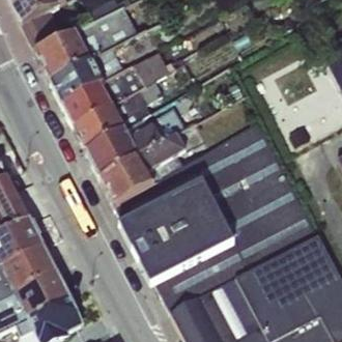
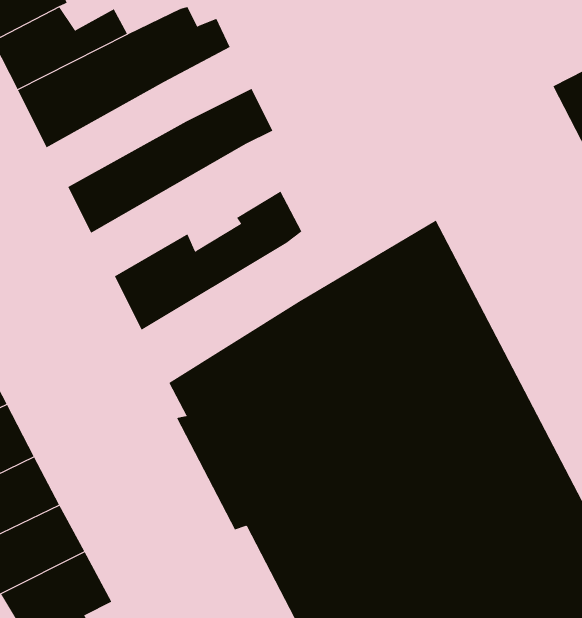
building: [50,47,124,103] -> none
building: [74,80,165,150] -> none
building: [101,133,189,207] -> none

